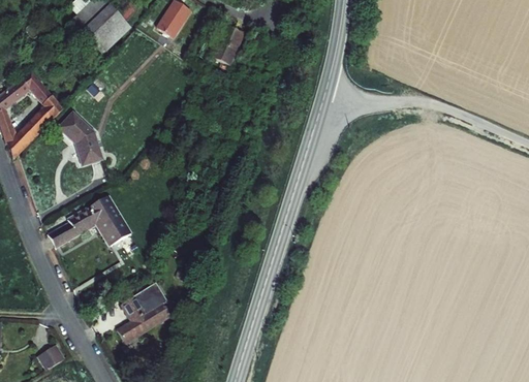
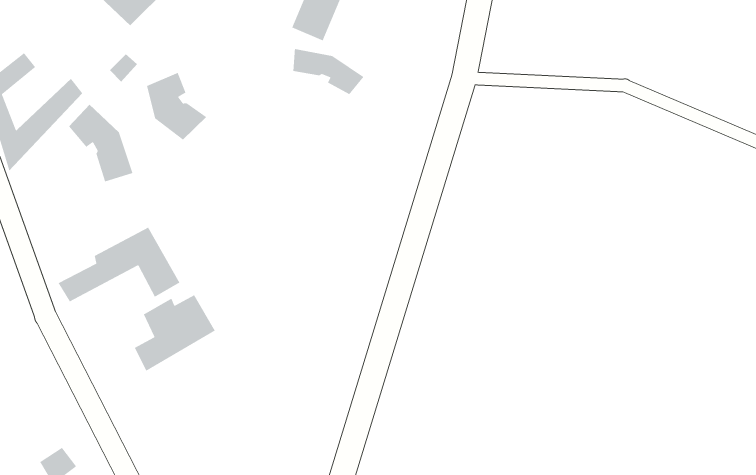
building: none -> [293,48,365,95]
building: none -> [146,72,207,140]
building: [113,289,168,342] -> [134,294,216,372]

